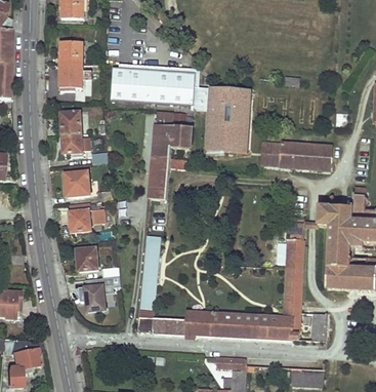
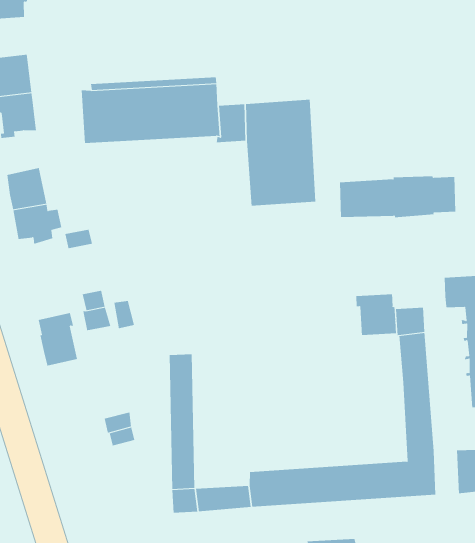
building: [150,111,192,200] -> none
building: [66,170,90,196] -> none
building: none -> [356,293,396,336]
building: [77,247,97,271] -> none
building: [85,285,106,311] -> none

